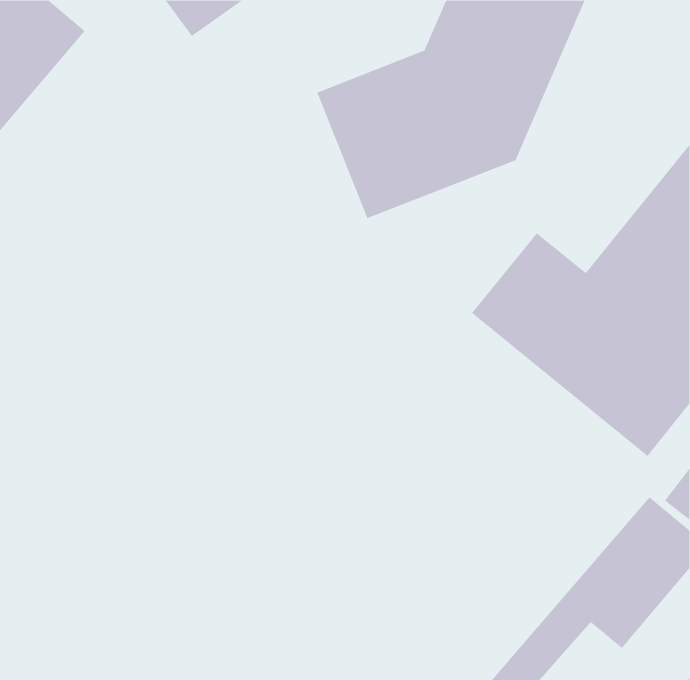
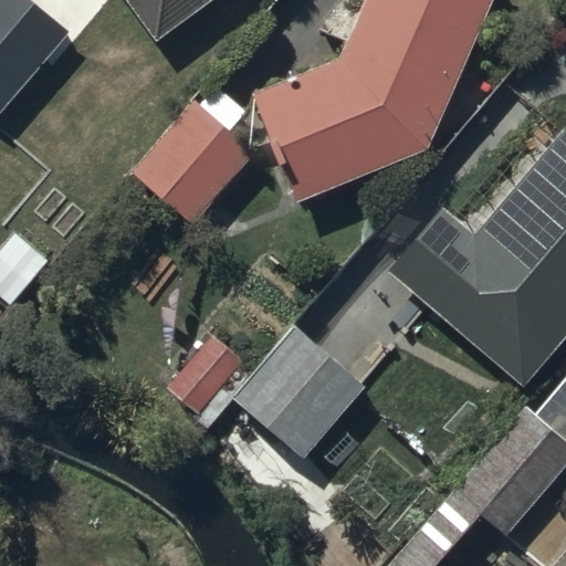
building: none -> [135,92,258,227]
building: none -> [238,326,366,454]

